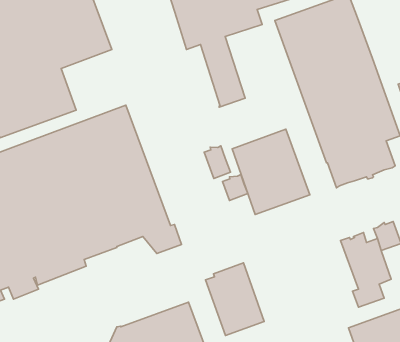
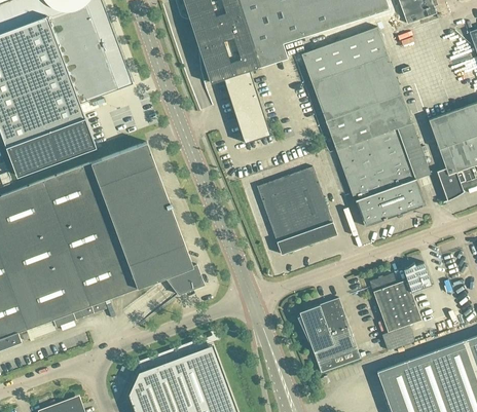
building: [204,146,231,179] -> none
building: [223,174,248,201] -> none
building: [206,263,264,336] -> [300,298,361,373]

